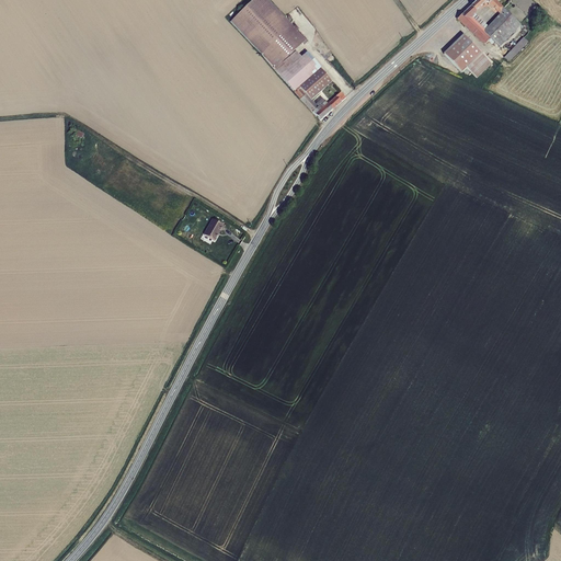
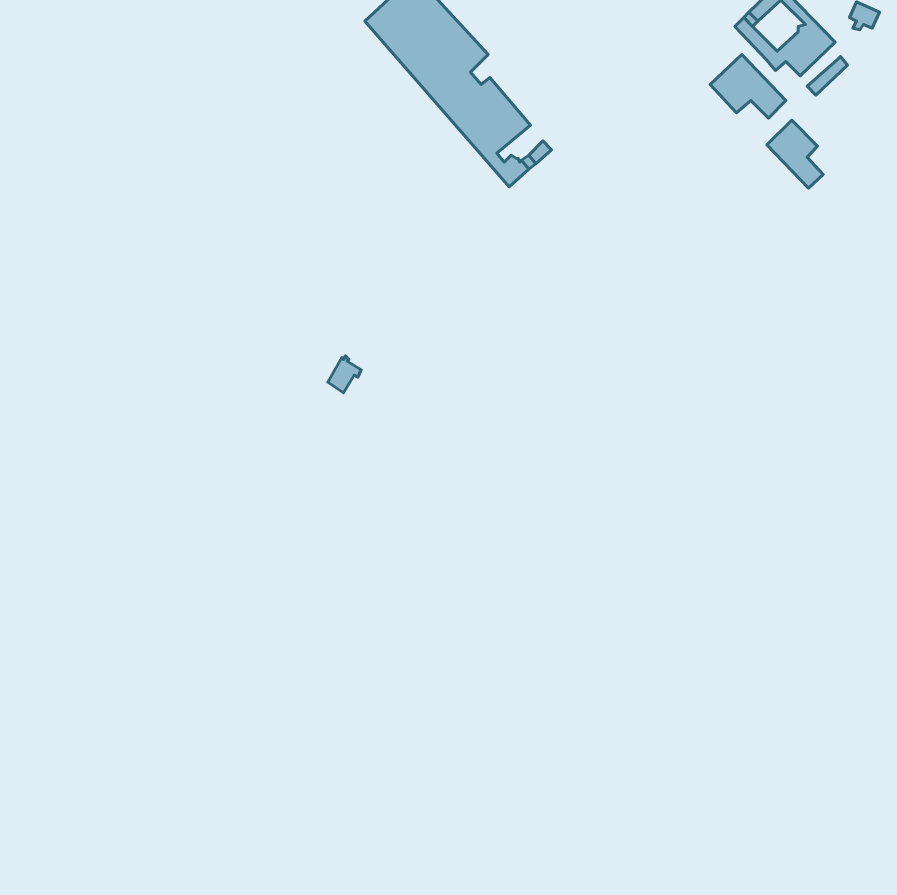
building: none -> [767,120,823,188]

